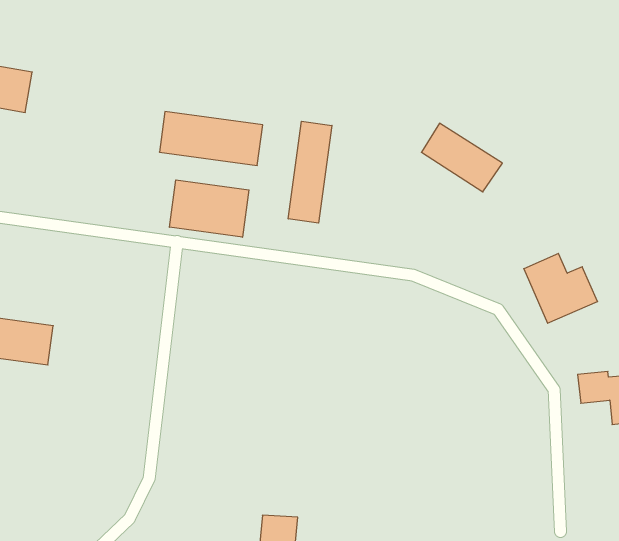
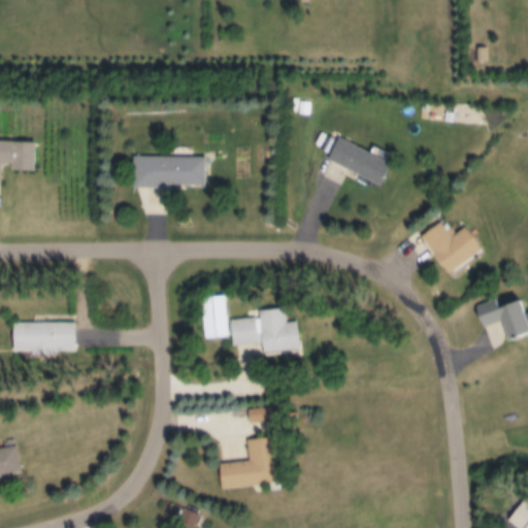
building: [288,121,332,223] -> none
building: [169,180,249,237] -> none
building: none -> [204,297,296,353]

